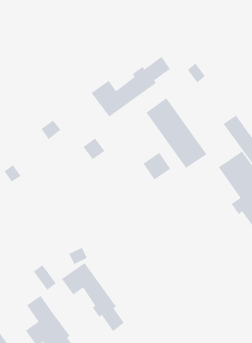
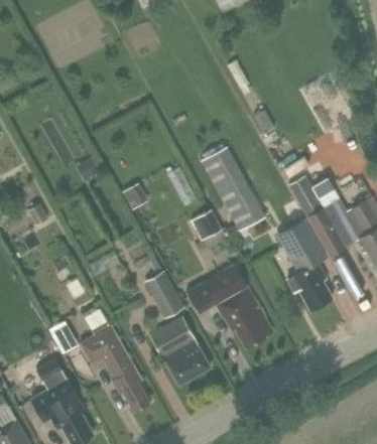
building: [91,56,171,118] -> none
building: none -> [135,254,185,319]
building: none -> [187,266,272,347]
building: none -> [150,318,209,385]

